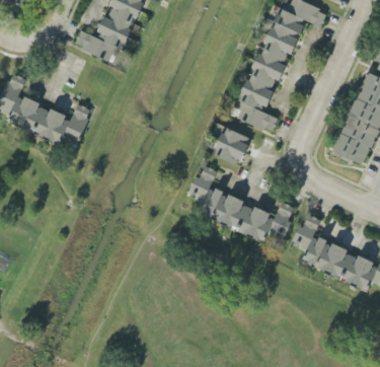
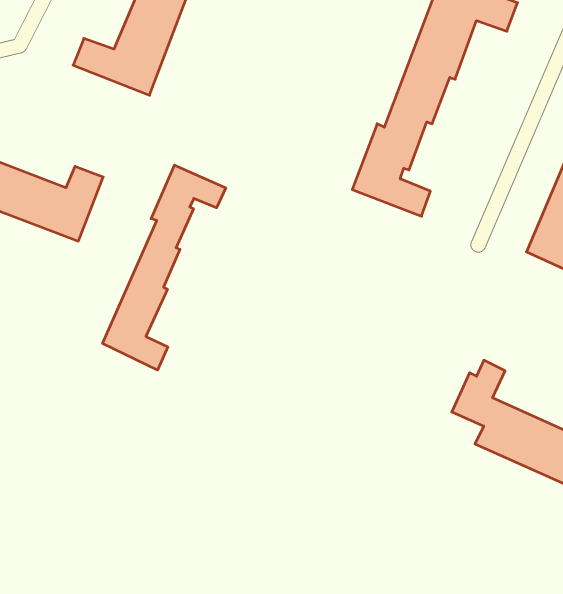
building: none -> [103,165,226,370]
building: [213,127,250,164] -> none
building: [188,165,295,241] -> none

